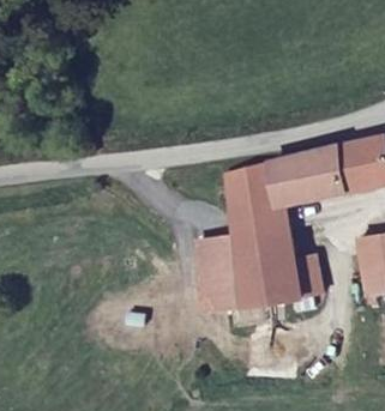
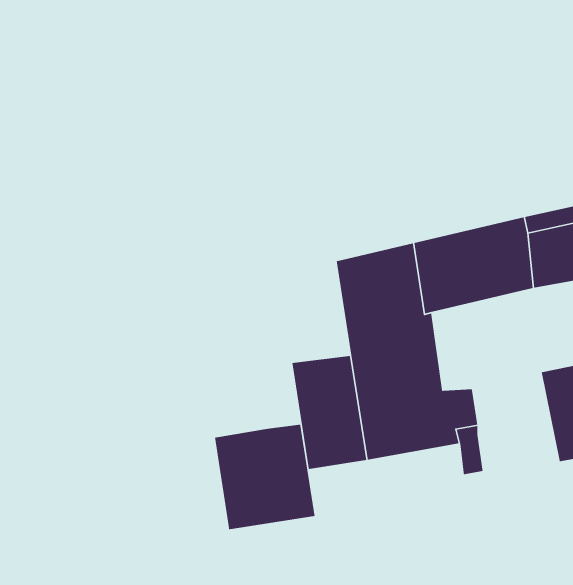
building: none -> [214,424,315,530]

